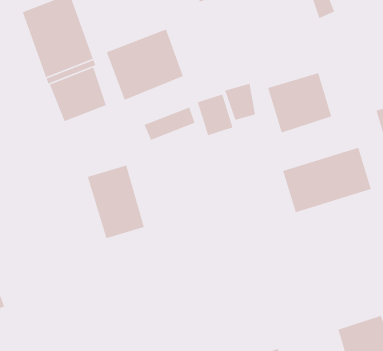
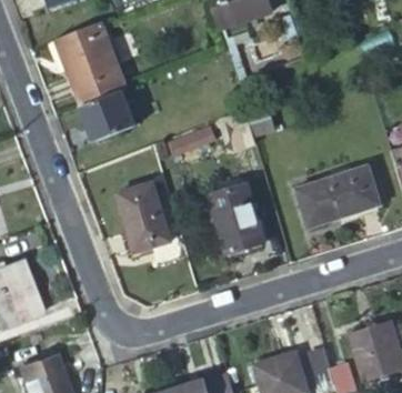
building: [106,29,184,101] -> none
building: [267,72,332,134] -> none
building: none -> [209,182,263,252]

